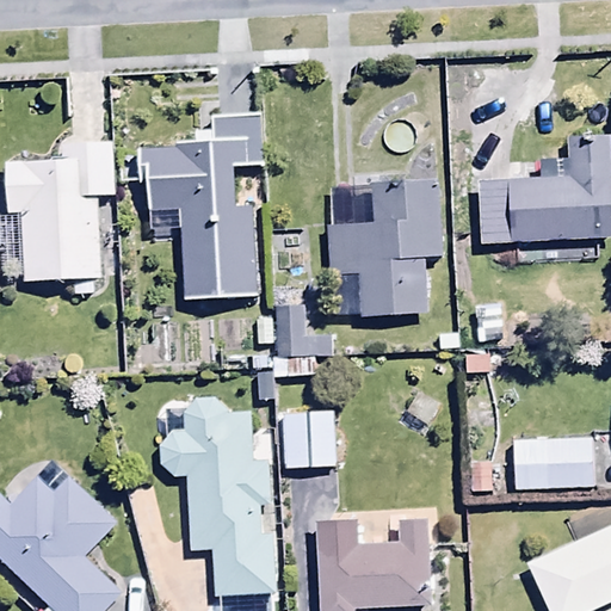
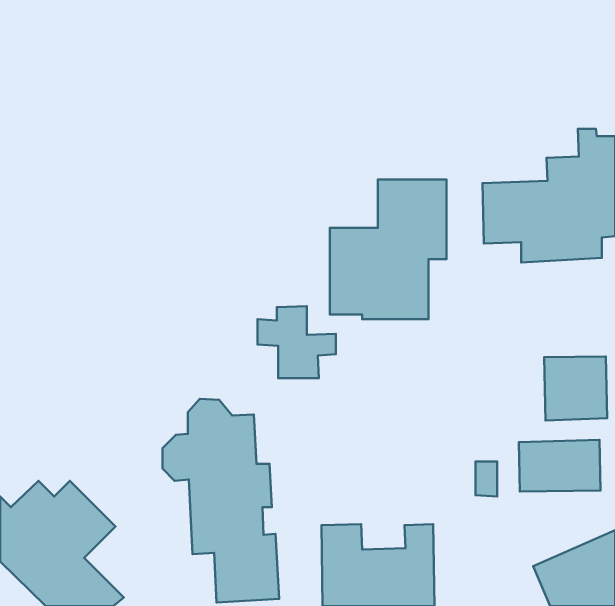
building: [146,112,267,301] -> none
building: [7,141,116,282] -> none
building: none -> [544,356,607,421]
building: [286,411,335,467] -> none

